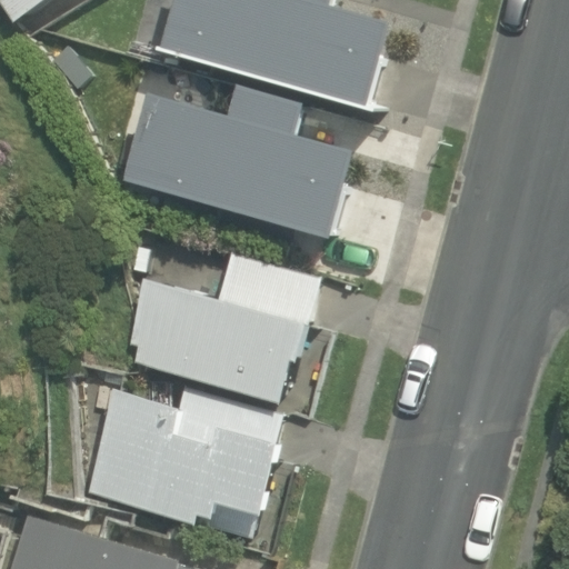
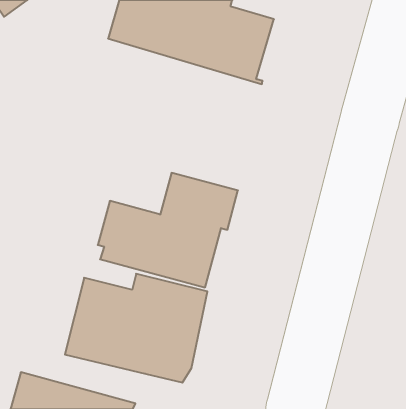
building: [114,89,343,243] -> none

